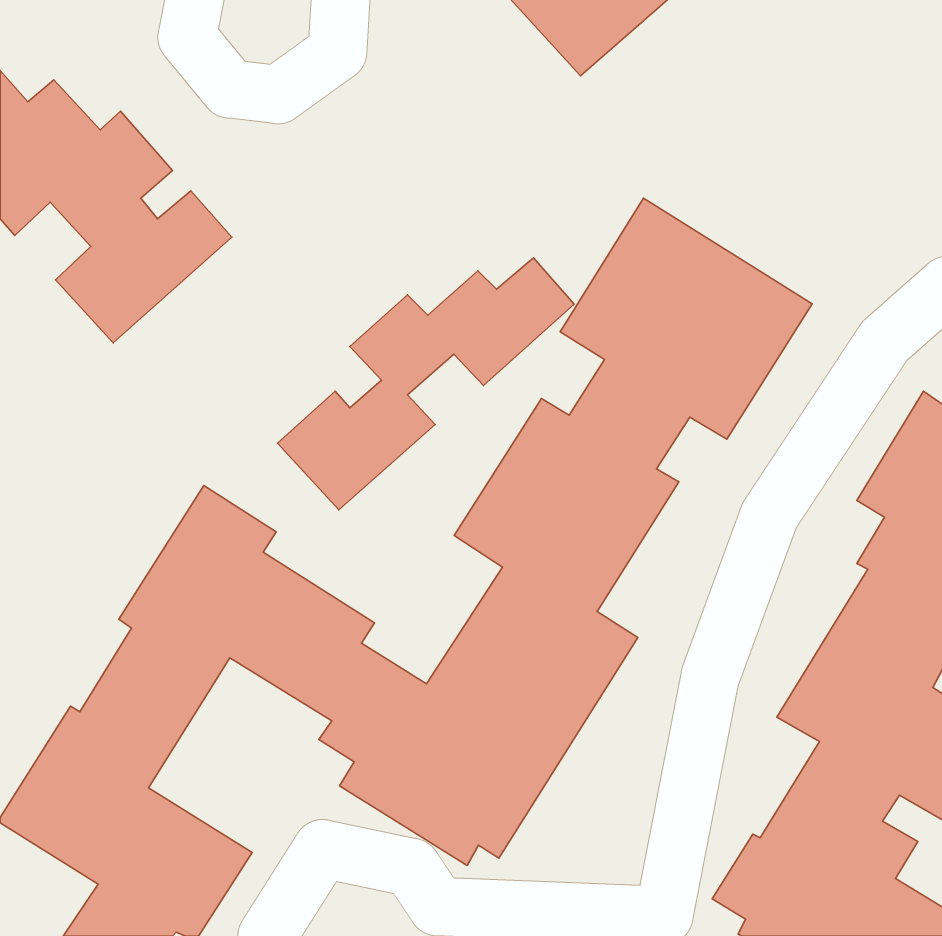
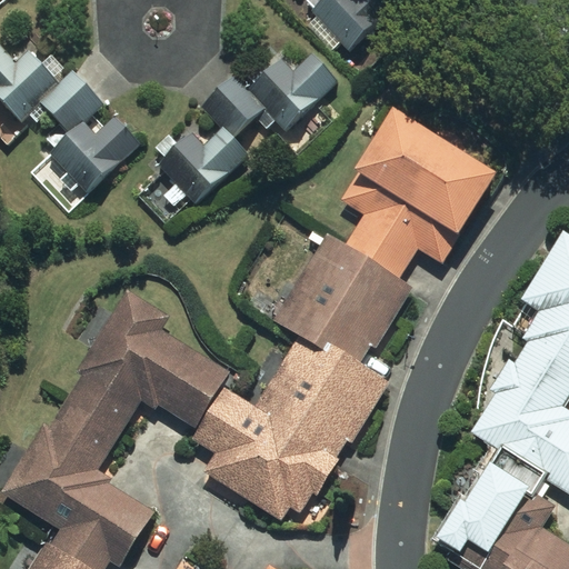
building: [278,258,574,510] -> [161,52,339,203]

